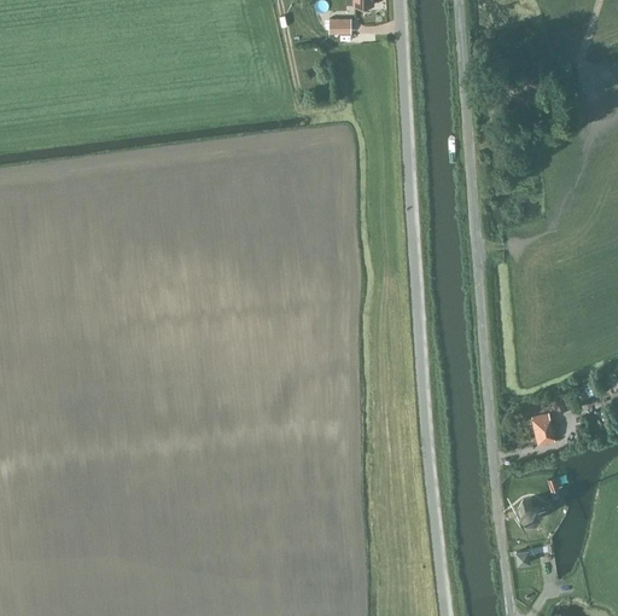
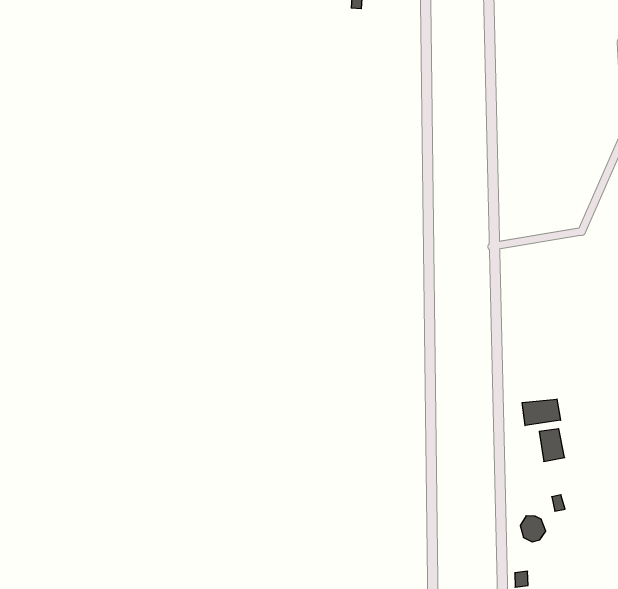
building: none -> [522,399,561,426]

